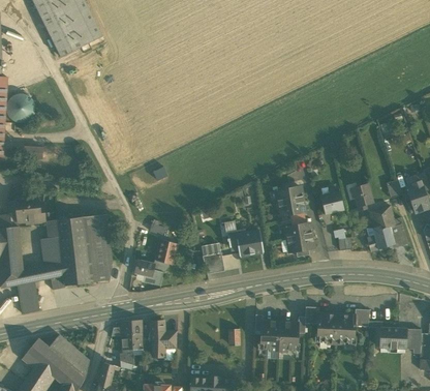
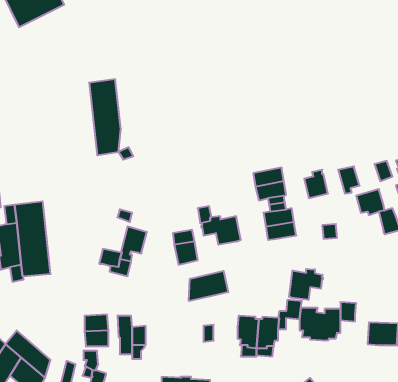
building: [83,213,112,282] -> [89,79,121,155]
building: [367,225,394,250] -> none
building: none -> [289,269,323,300]
building: none -> [189,271,228,301]

